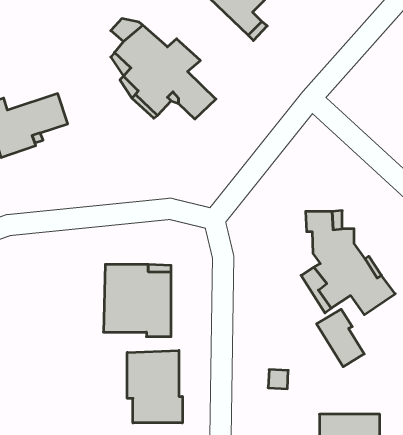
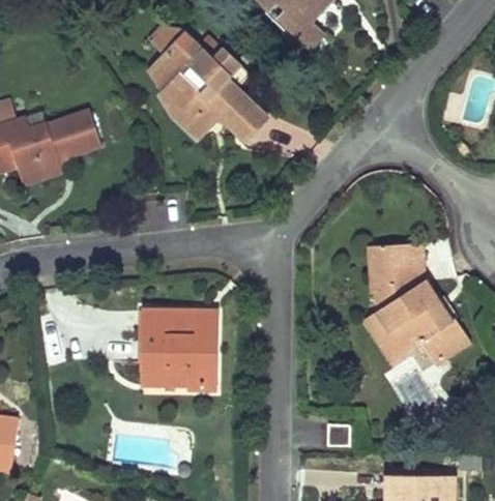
building: [127,350,182,423] -> none

